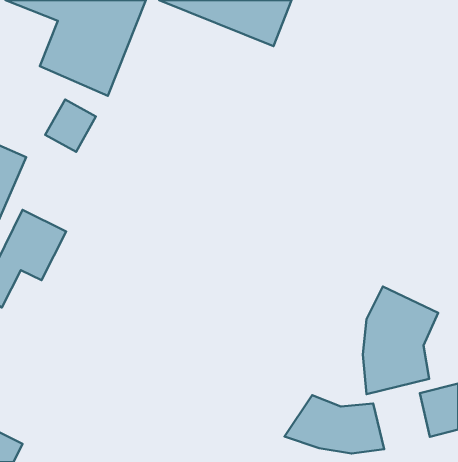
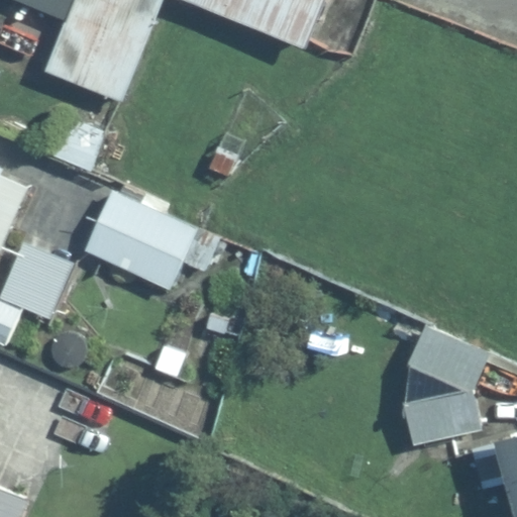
building: none -> [84,184,216,284]
building: [285,395,384,453] -> none

